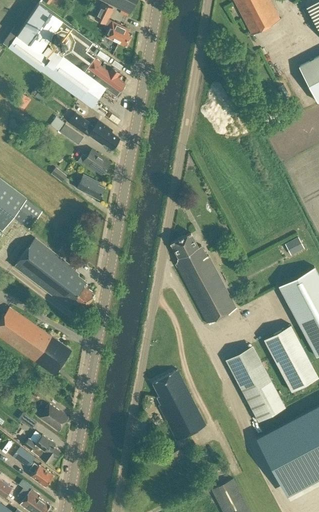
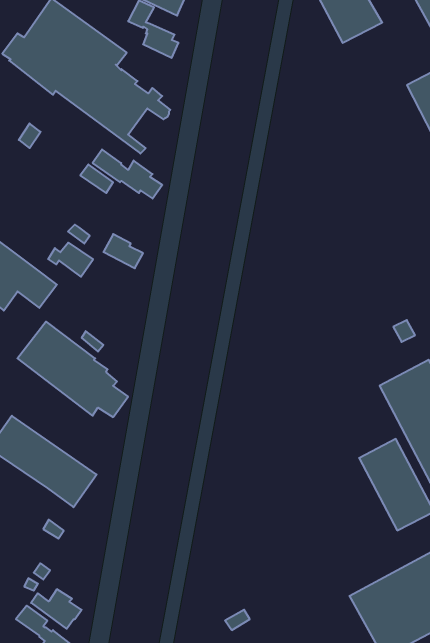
building: [77,150,110,175] -> [48,243,93,277]
building: [170,233,236,324] -> none
building: [225,346,285,422] -> none
building: [152,370,205,441] -> none
building: [39,404,68,431] -> none

